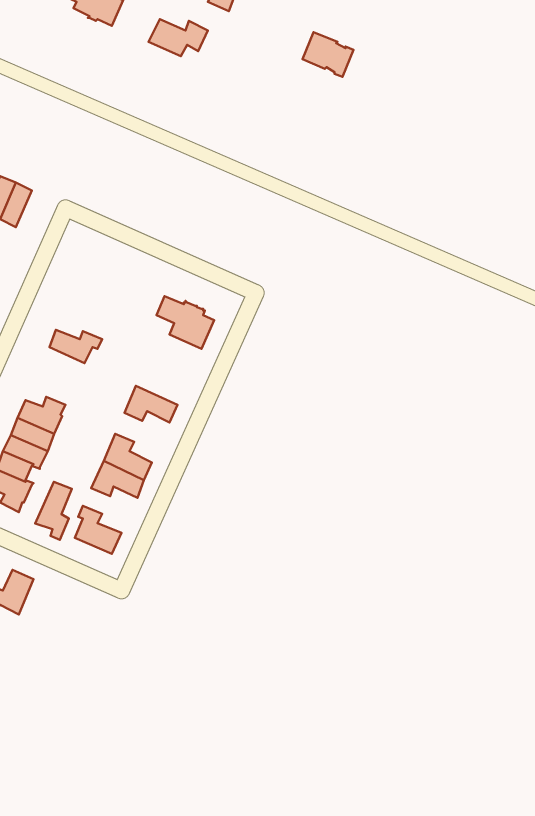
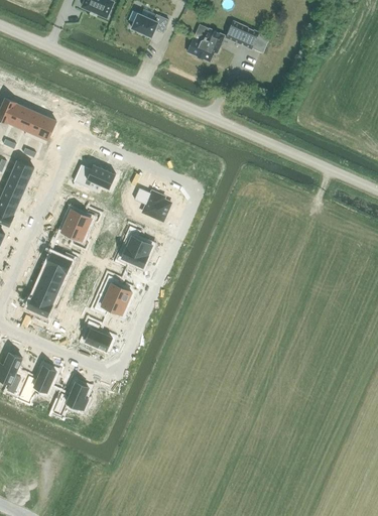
building: none -> [185,29,223,62]
building: none -> [74,164,115,188]
building: none -> [61,220,89,248]
building: none -> [121,226,152,256]
building: [35,482,72,540] -> none
building: none -> [59,376,89,404]

